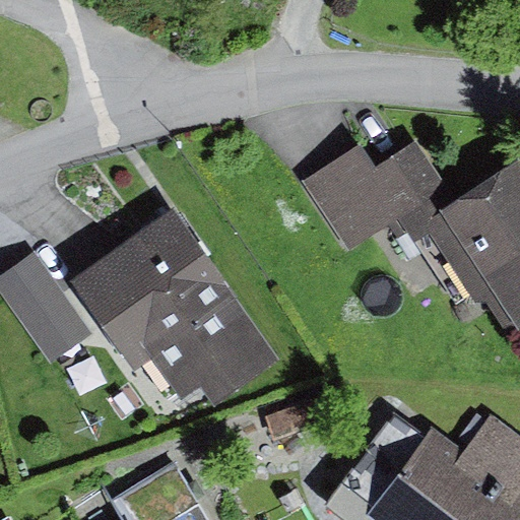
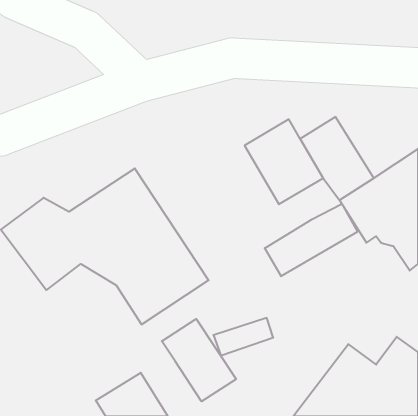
building: none -> [265,204,357,276]
building: none -> [162,319,236,401]

